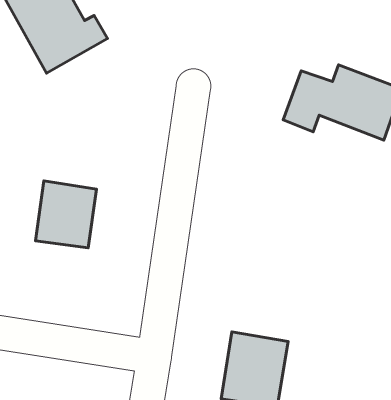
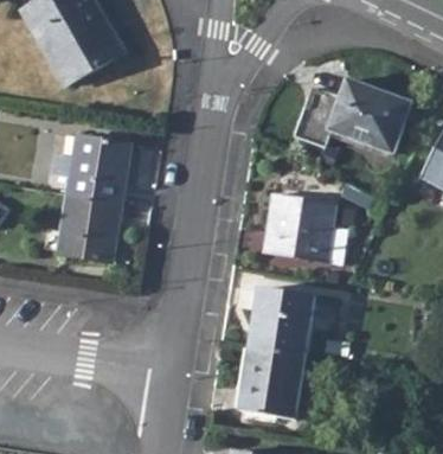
building: none -> [50,138,124,203]
building: none -> [263,192,336,261]
building: none -> [249,290,313,353]

